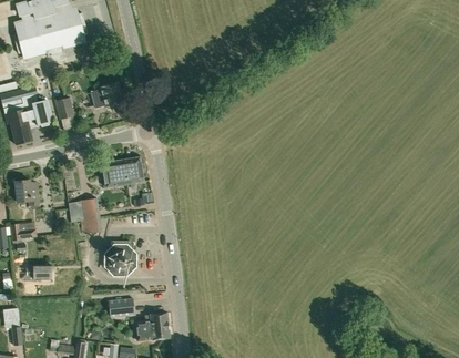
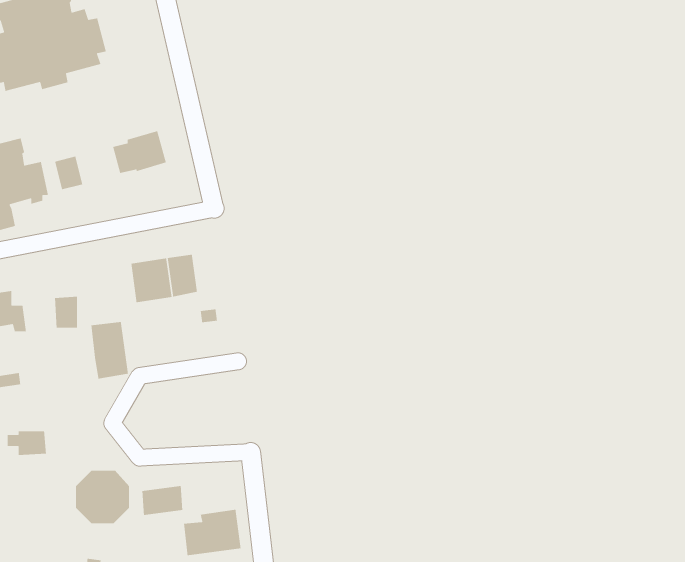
building: [103,243,136,276] -> [75,470,130,524]

